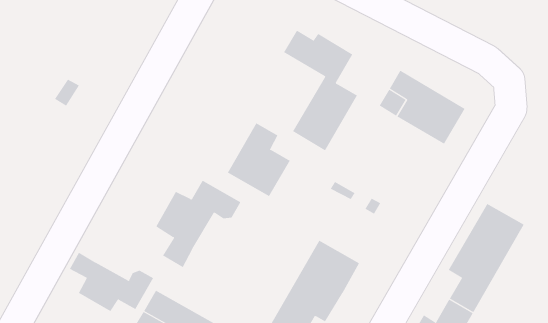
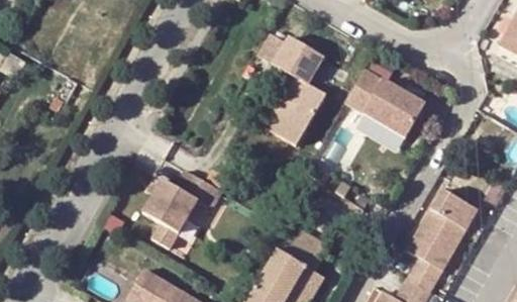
building: [227,122,290,197] -> none
building: [69,252,154,312] -> none

